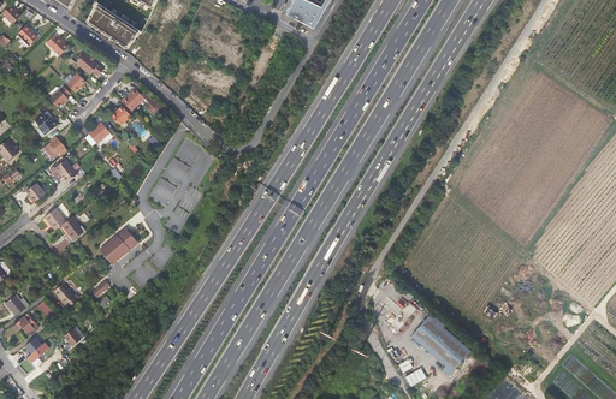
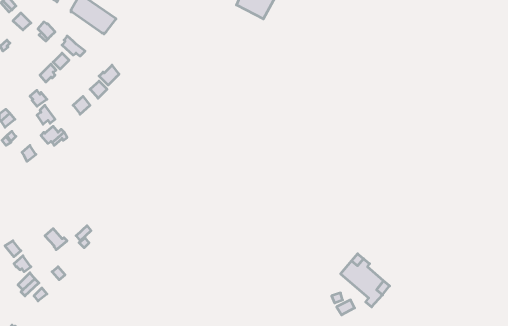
building: [45,208,85,240] -> none
building: [101,227,141,266] -> none

